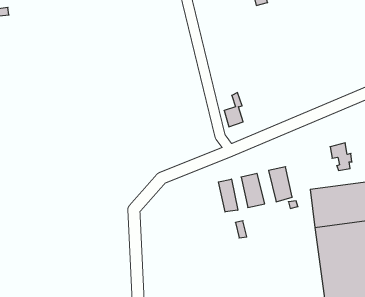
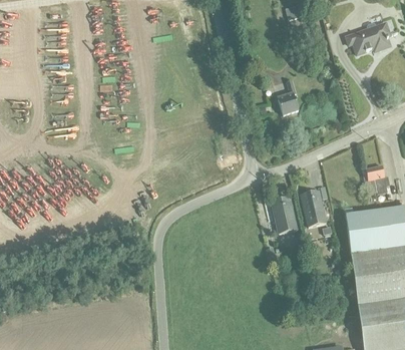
building: none -> [344,20,391,53]
building: [224,93,243,127] -> [278,78,298,114]
building: [218,179,238,212] -> none

